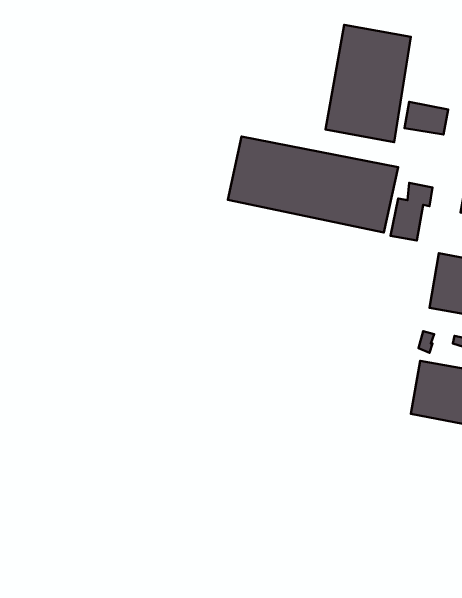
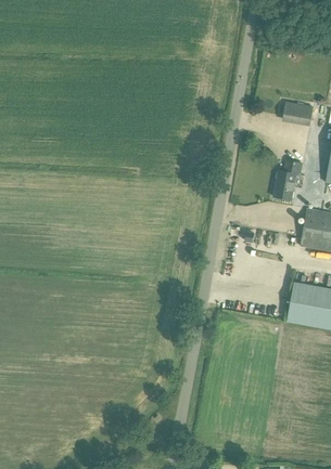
building: [326,25,411,142] -> none
building: [228,137,398,232] -> none

